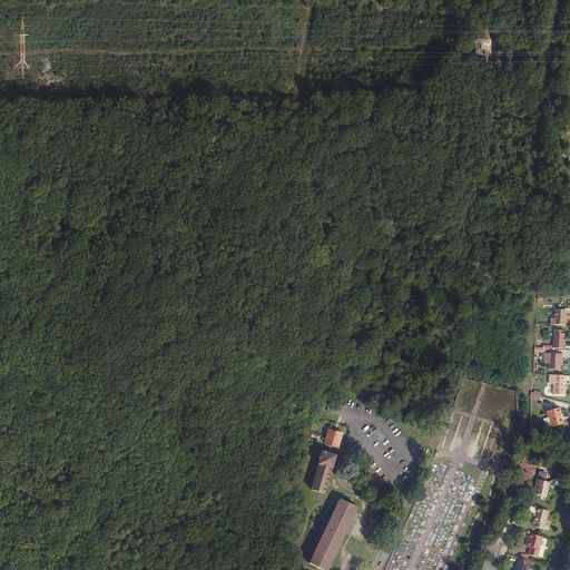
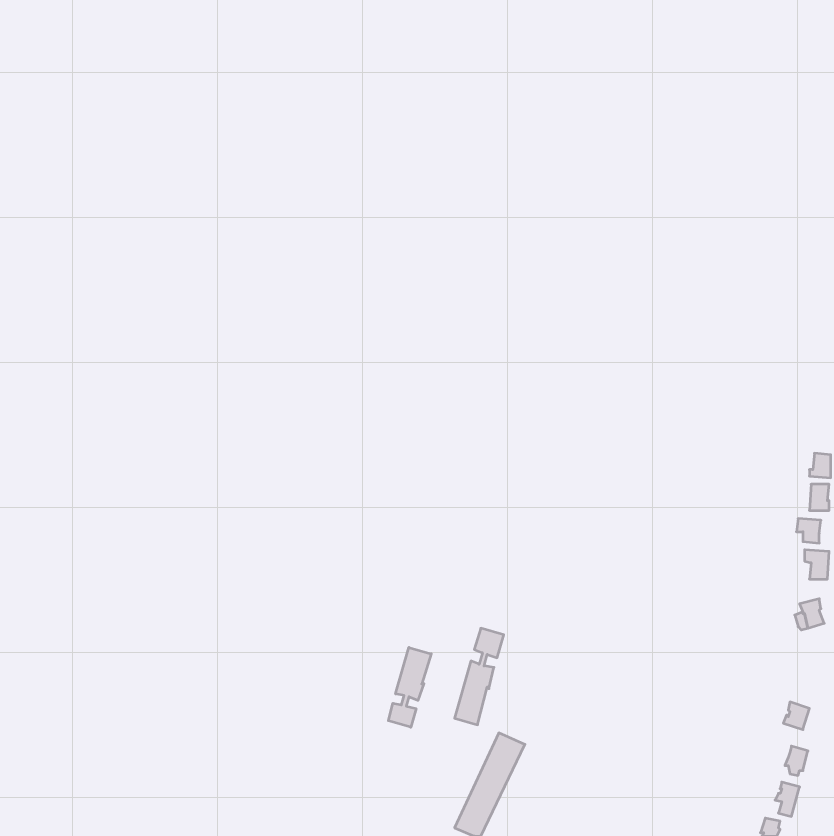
building: none -> [388,647,431,727]

